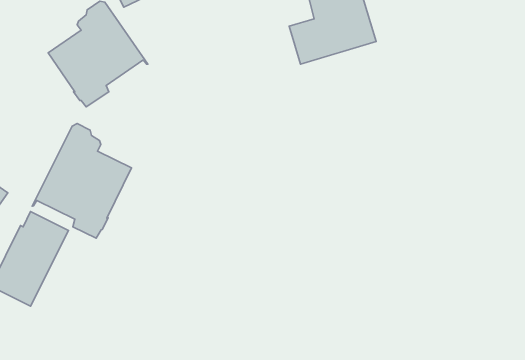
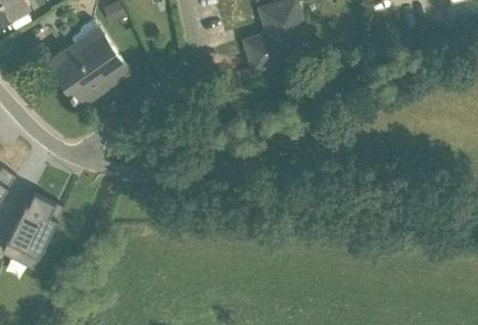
building: [32,123,131,238] -> none

